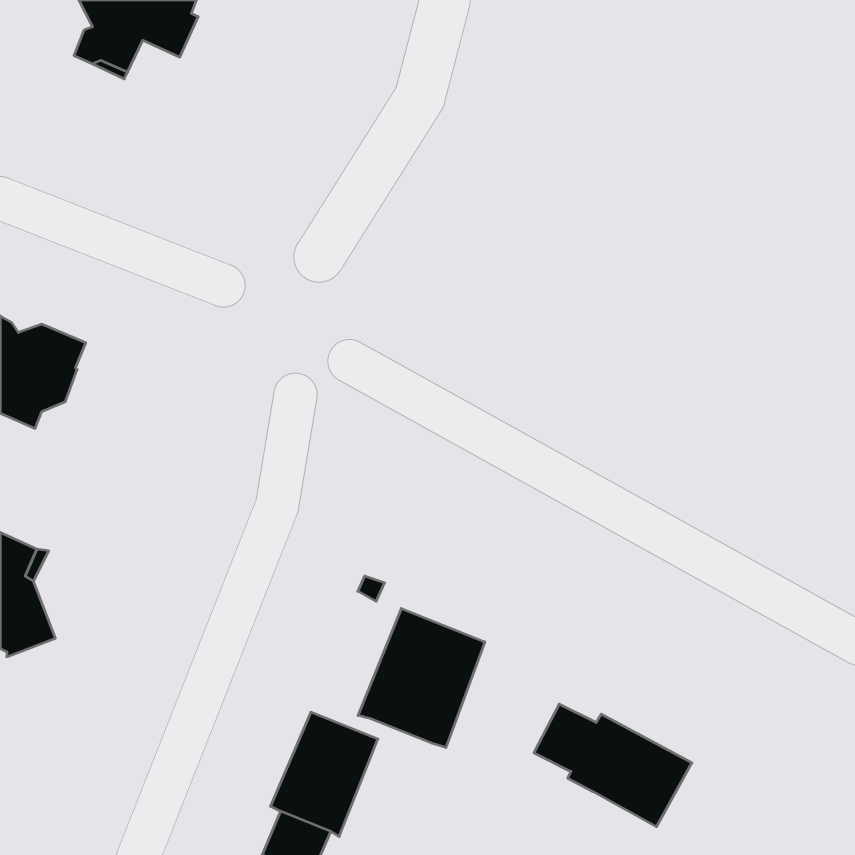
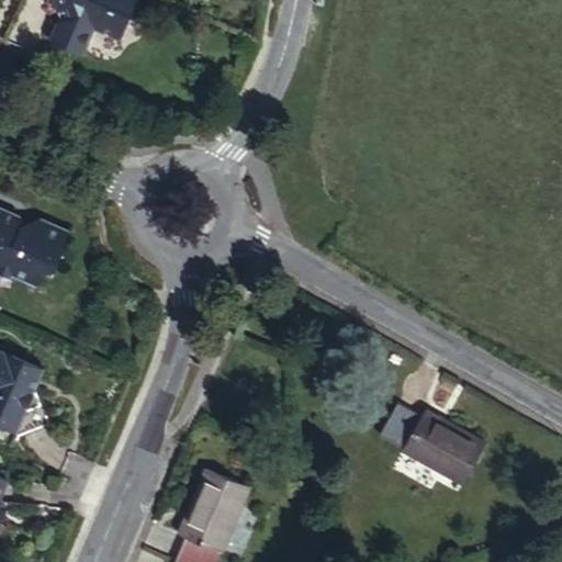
building: [358,608,485,748] -> none
building: [534,704,692,827] -> [381,407,484,487]

